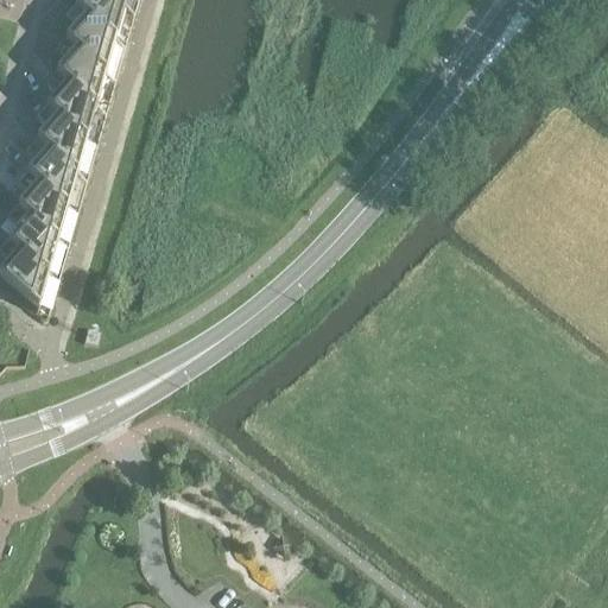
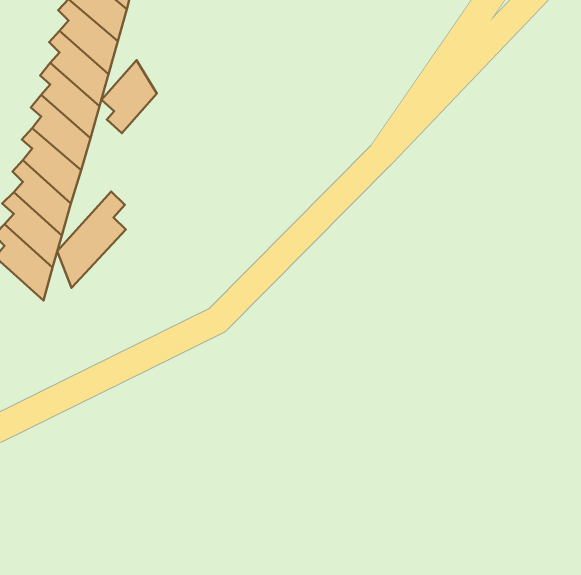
building: none -> [101,60,157,133]
building: none -> [57,191,126,288]

